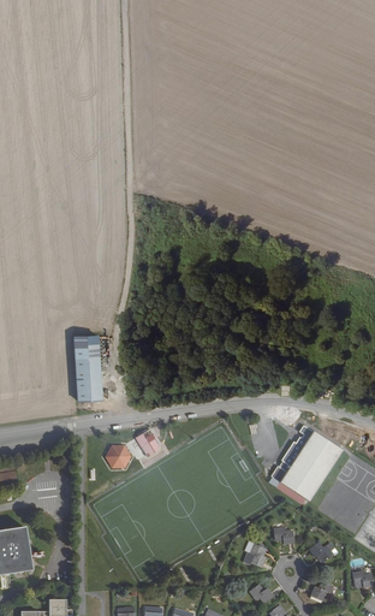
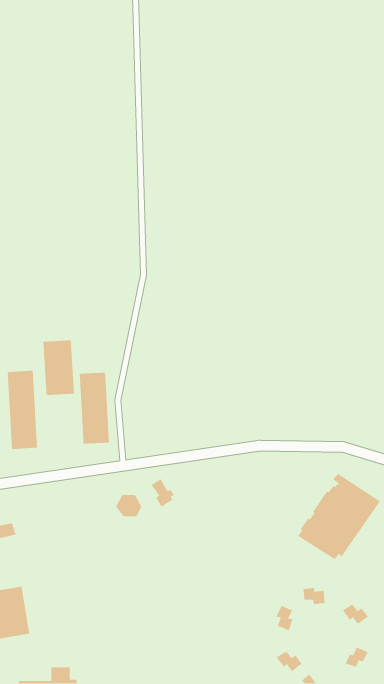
building: none -> [43,339,75,396]
building: none -> [7,370,38,450]

